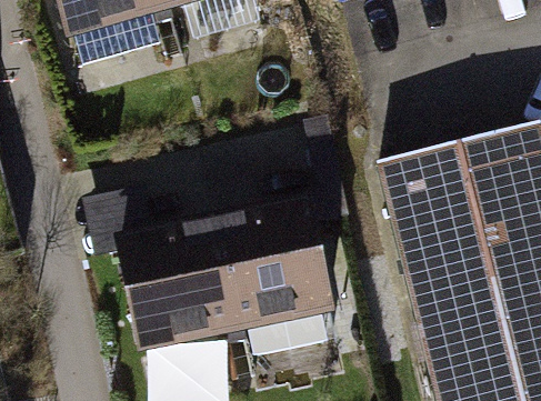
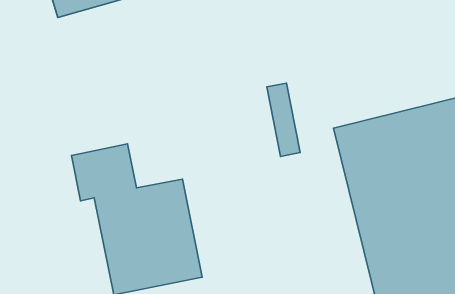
building: [217,213,342,345] -> none

